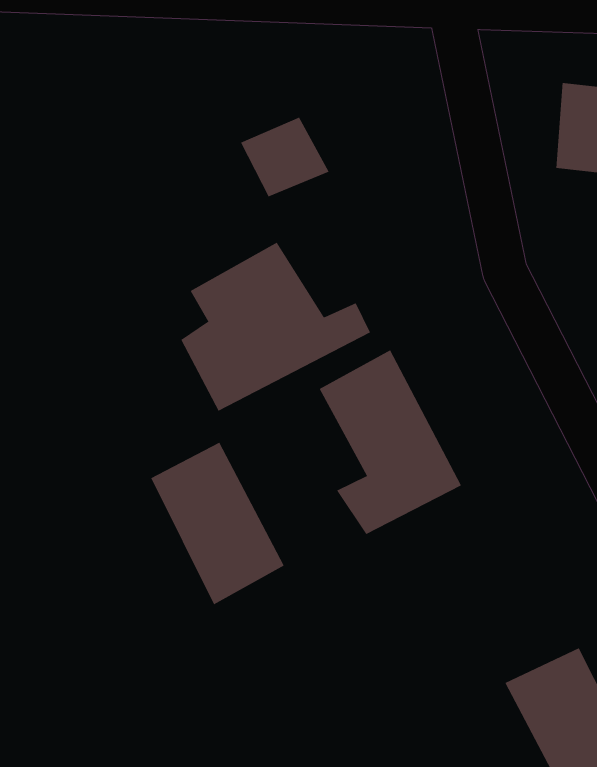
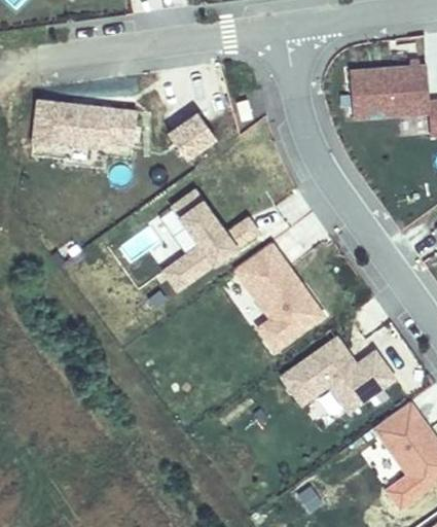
building: none -> [28,99,140,150]
building: [150,442,284,605] -> none
building: none -> [278,333,397,416]

